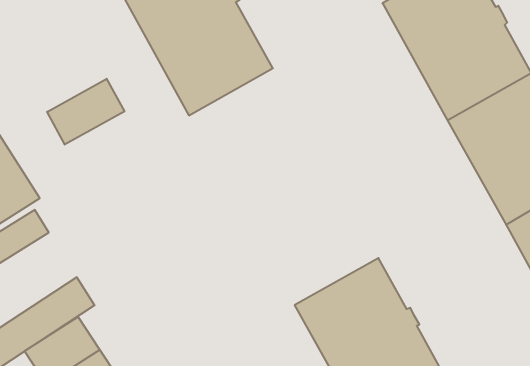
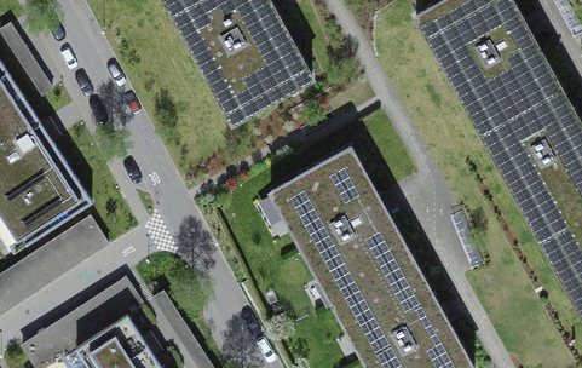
building: [47,79,124,145] -> none
building: none -> [271,149,413,305]

